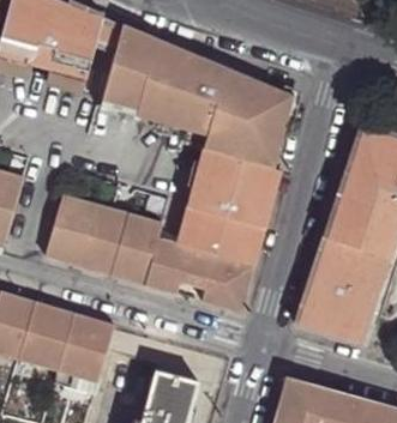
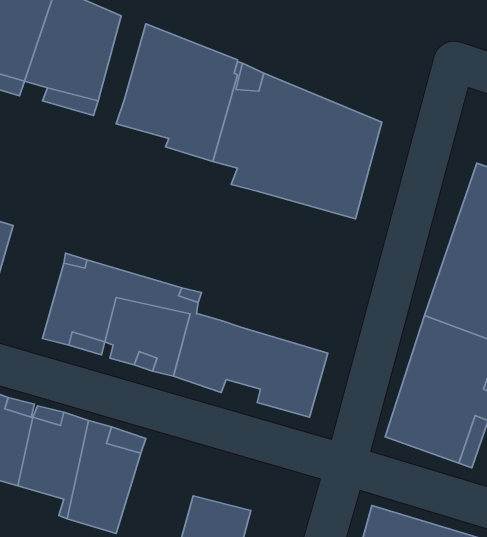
building: [176,146,281,265] -> none

